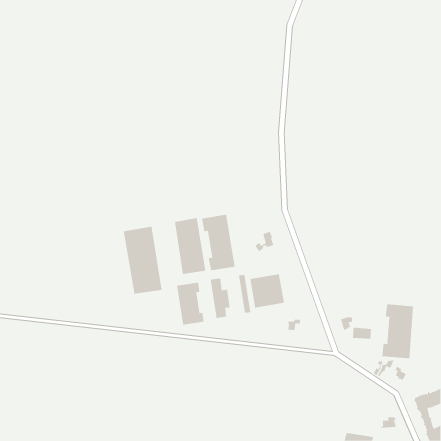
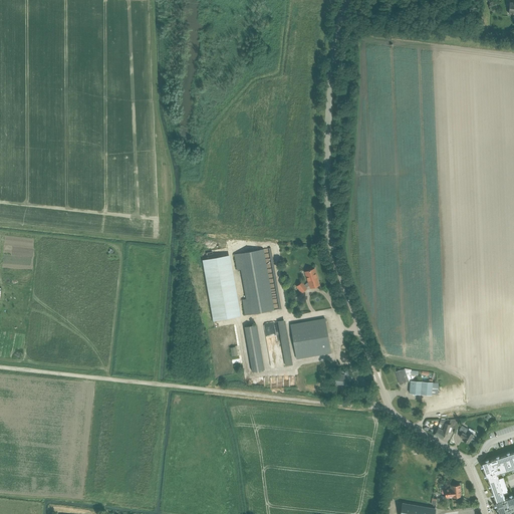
building: [123,226,162,294] -> none
building: [176,282,204,325] -> none
building: [382,304,414,359] -> none

